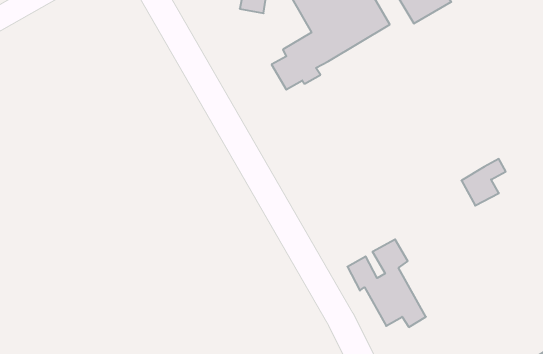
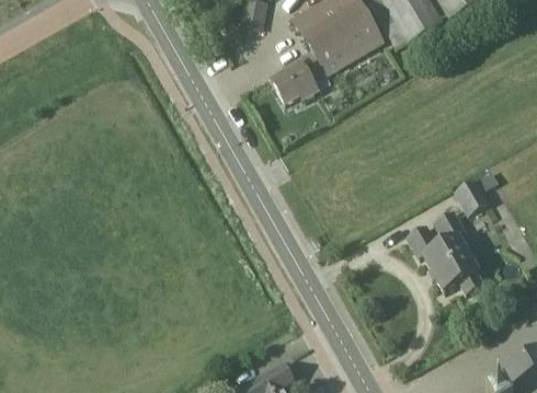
building: [347,239,426,327] -> [409,209,484,293]

